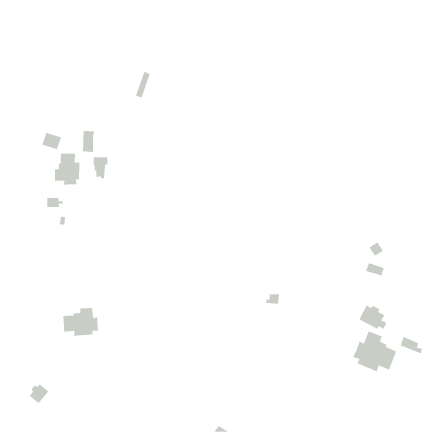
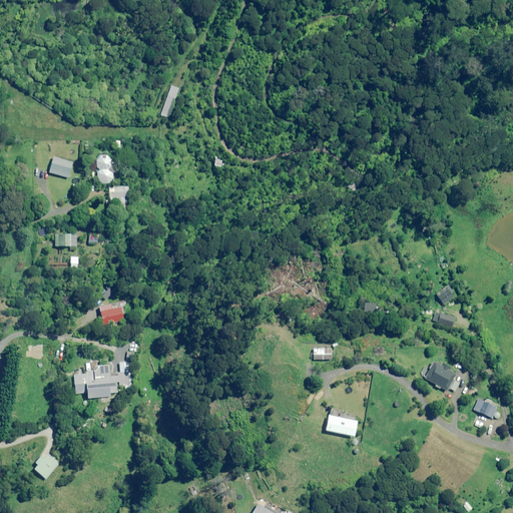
building: [54,153,80,185] -> none
building: none -> [99,304,124,324]
building: [353,331,397,372] -> none
building: none -> [326,414,357,435]

